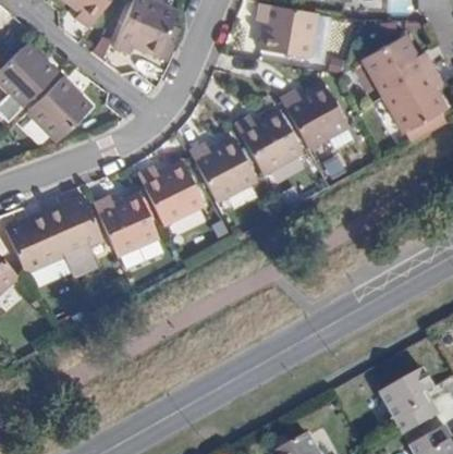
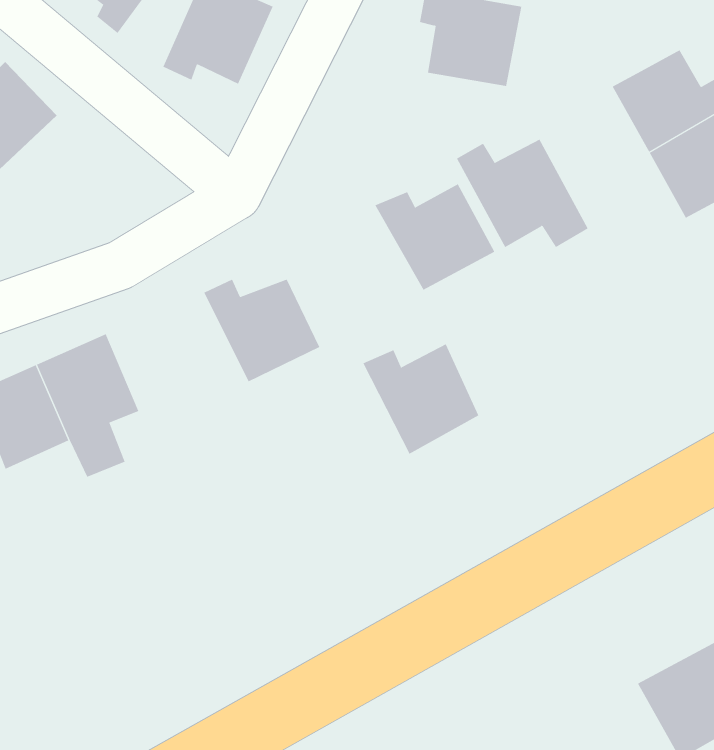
building: [28,79,88,138] -> none
building: [188,139,254,201] -> [363,344,479,454]
building: [93,197,156,255] -> none

